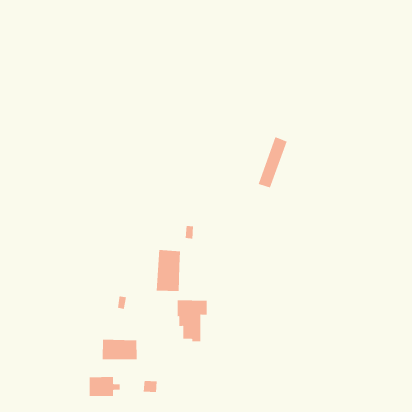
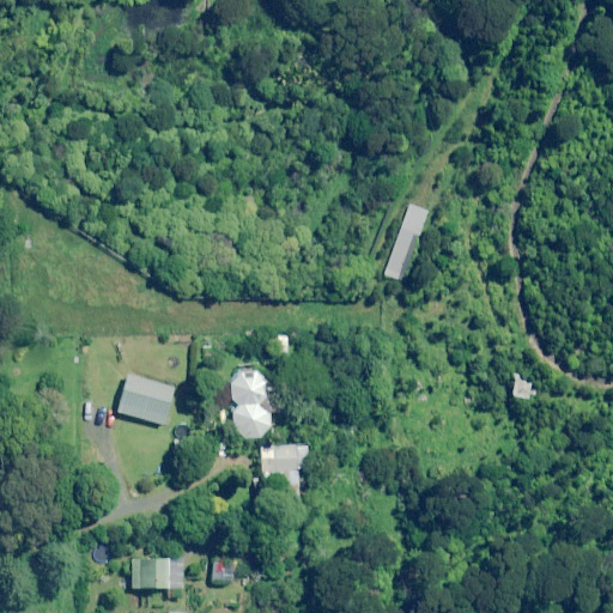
building: none -> [119,374,176,425]
building: [102,339,137,360] -> none

